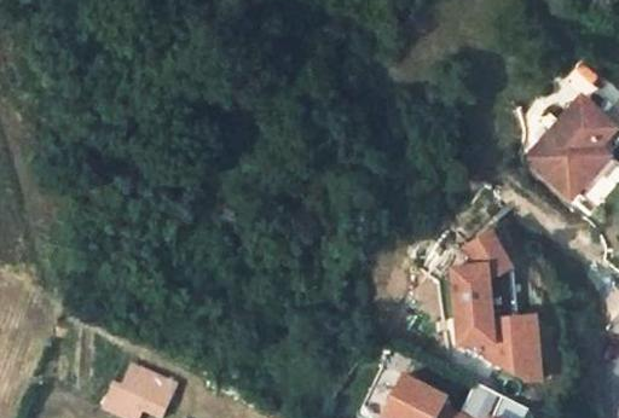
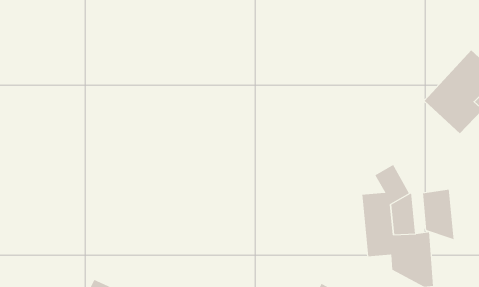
building: none -> [422,189,454,240]

